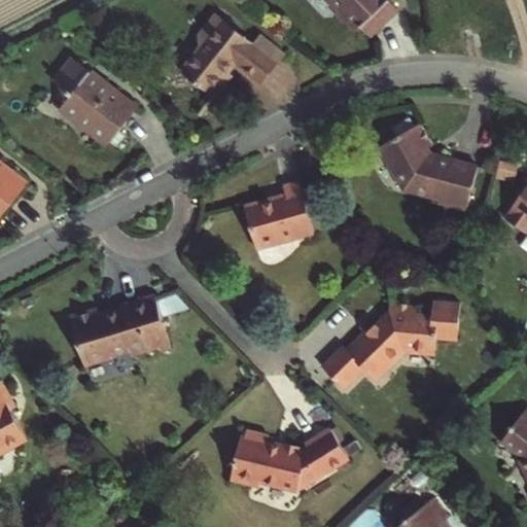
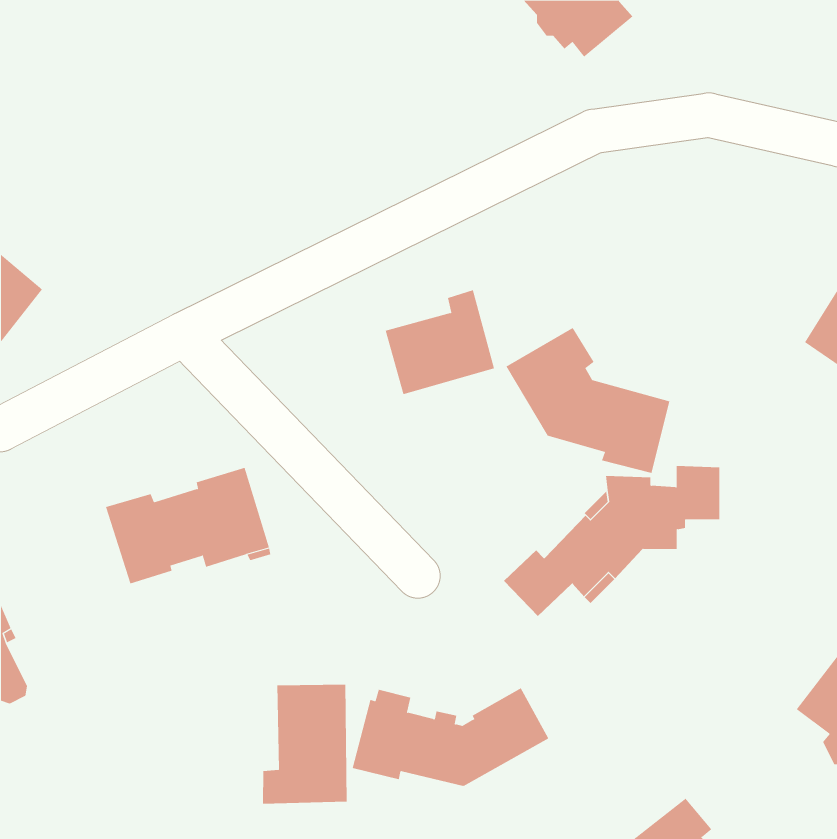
building: [184,15,284,96] -> none
building: [58,58,140,147] -> none
building: [374,119,477,211] -> [506,327,670,474]
building: none -> [262,684,347,805]

